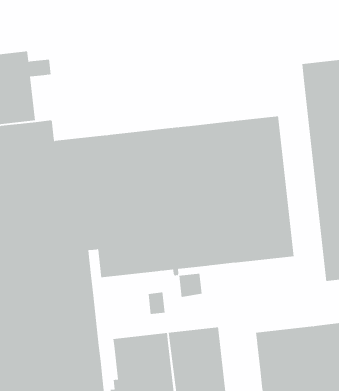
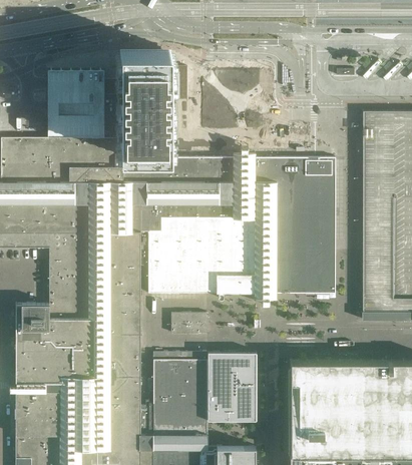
building: none -> [119,50,186,156]
building: [178,273,203,297] -> [170,314,191,335]

